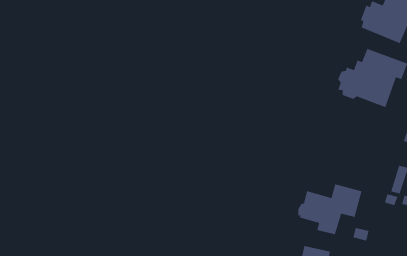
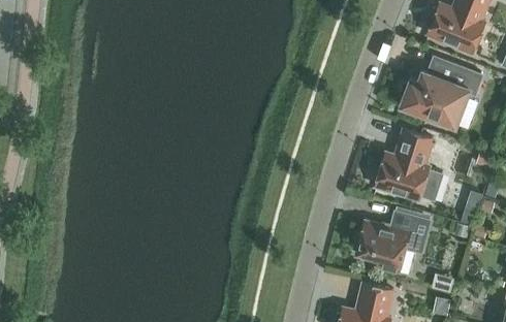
building: none -> [375,129,442,200]

